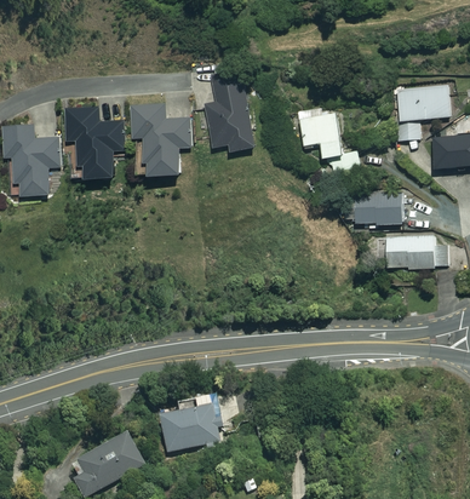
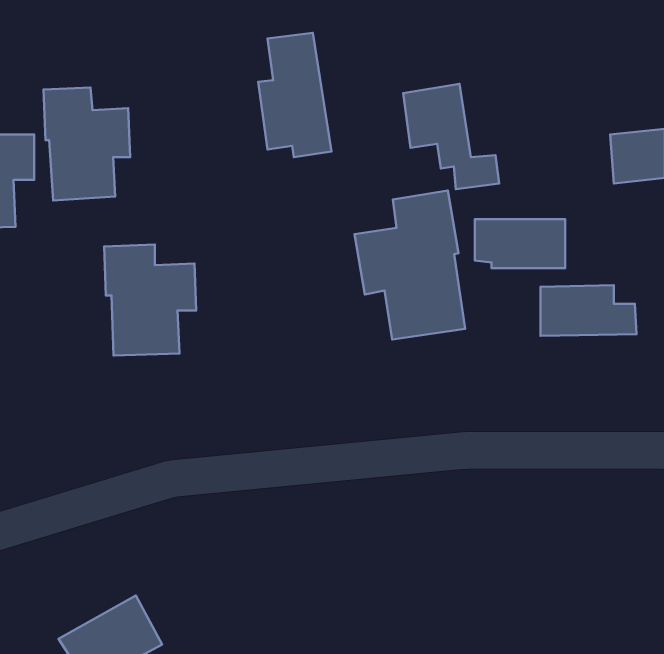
building: [399,86,449,139] -> none
building: [132,104,191,176] -> [104,245,196,356]
building: none -> [355,190,465,339]
building: [160,400,218,452] -> none

